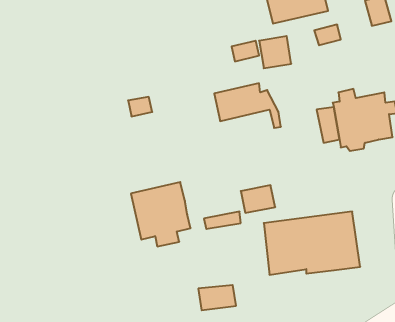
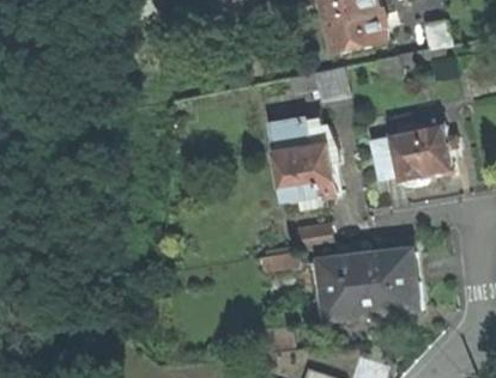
building: [131,182,191,246] -> [273,141,335,208]

